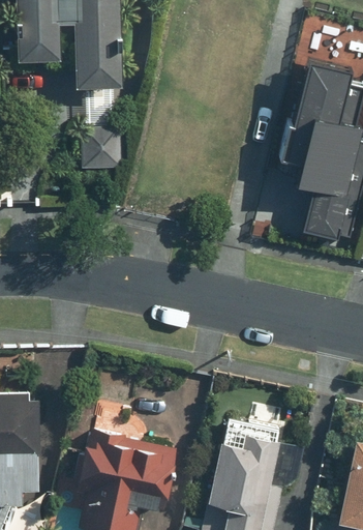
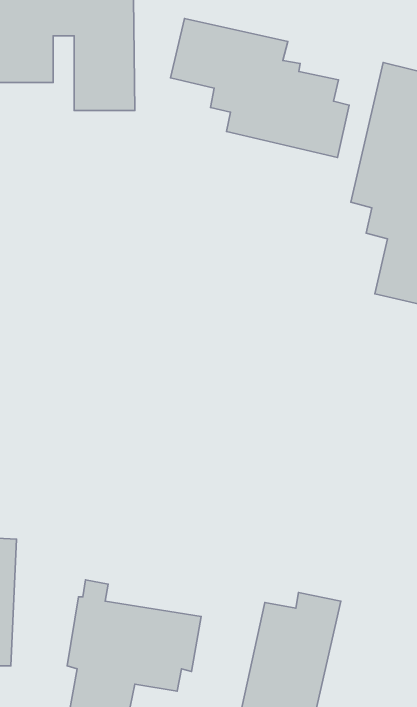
building: none -> [171,18,349,157]
building: [86,127,126,167] -> none

